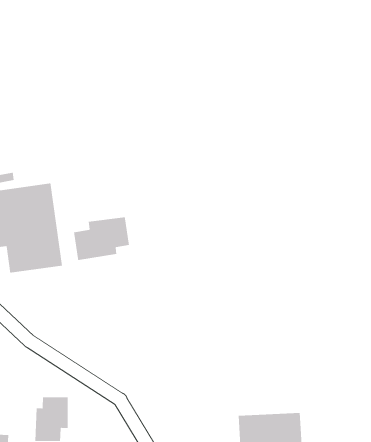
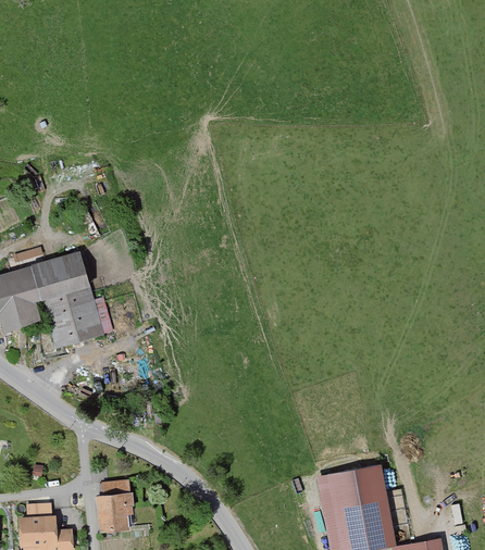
building: [74,217,129,261] -> none

